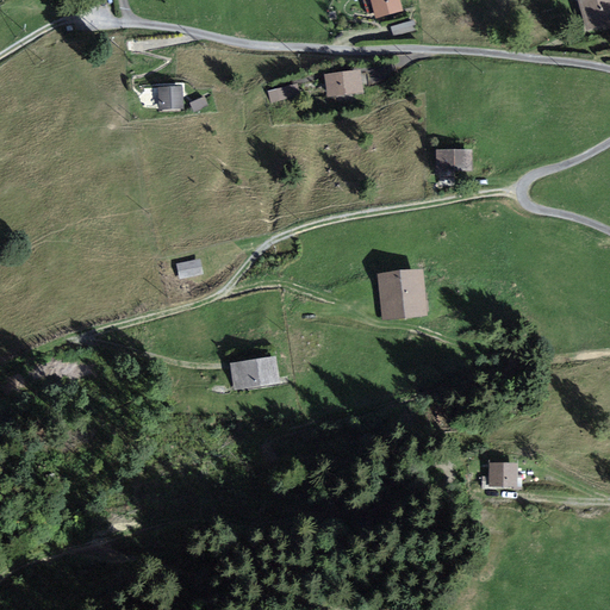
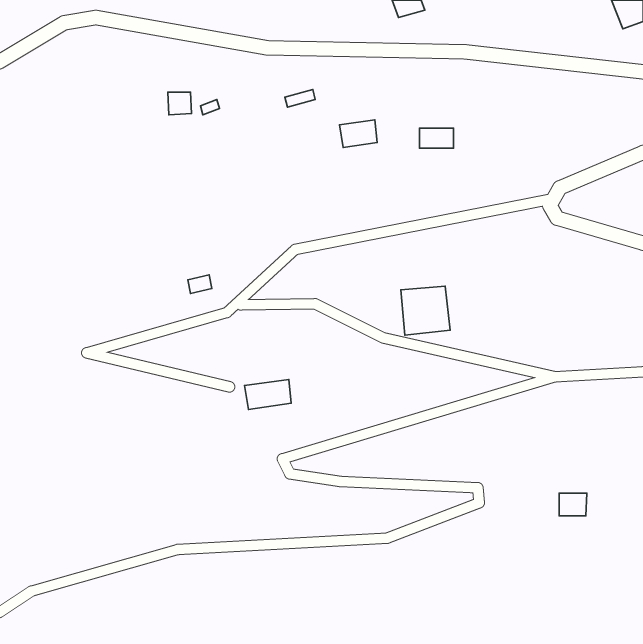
building: [325,69,361,95] -> [339,120,377,148]
building: [437,150,469,169] -> [419,128,453,148]
building: [490,463,516,485] -> [559,493,587,516]

